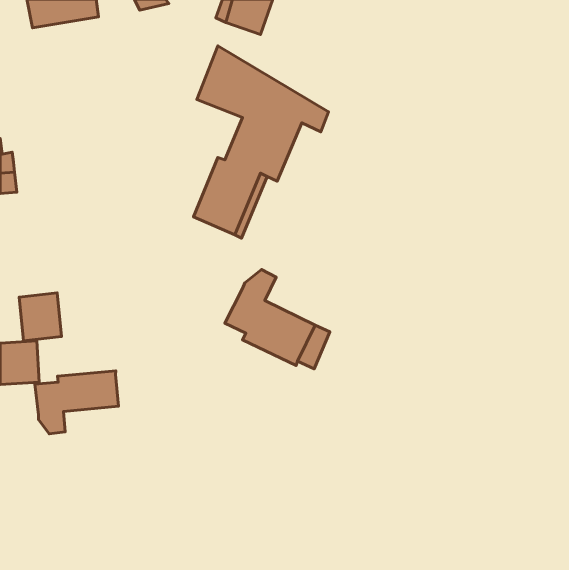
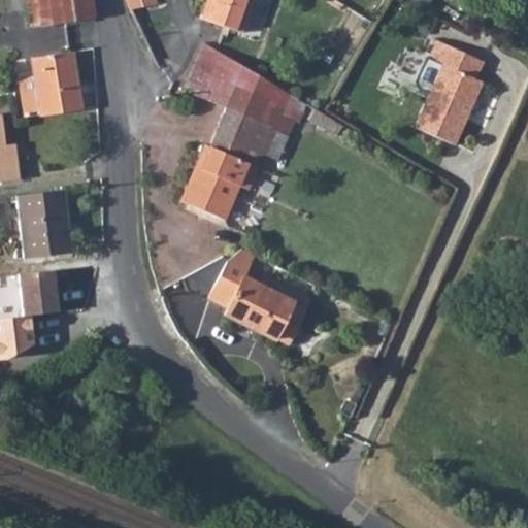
building: none -> [415,38,484,143]
building: none -> [22,52,80,116]
building: none -> [18,189,72,258]
building: [35,371,119,434] -> none

